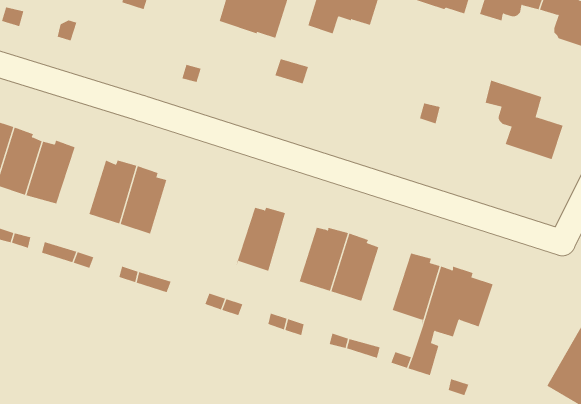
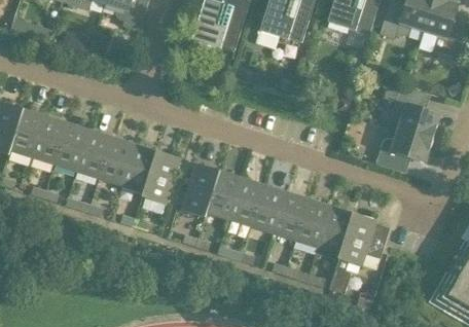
building: none -> [376,128,433,172]
building: none -> [77,130,112,178]
building: none -> [143,153,181,205]
building: none -> [182,162,219,217]
building: none -> [229,177,263,226]
building: none -> [296,201,331,247]

